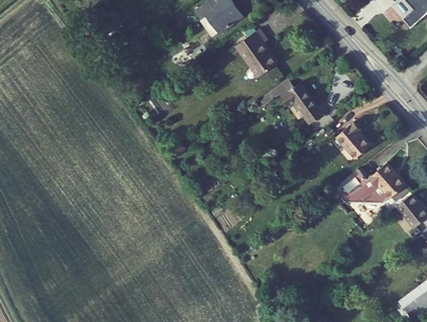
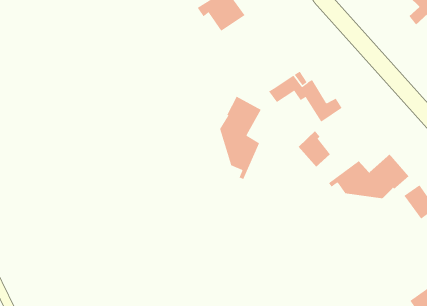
building: [241,33,283,83] -> none
building: none -> [220,96,261,180]
building: [333,119,365,155] -> [298,130,331,167]

